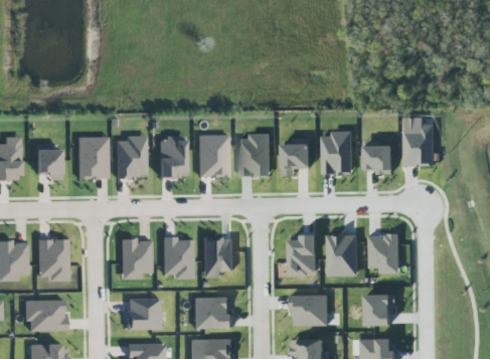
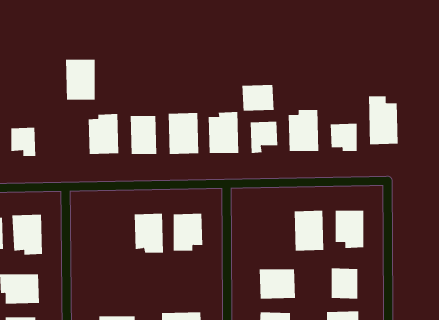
building: none -> [242,84,274,112]
building: [76,137,108,179] -> [65,59,96,100]
building: [289,234,317,277] -> none
building: [120,238,152,279] -> none
building: [193,297,230,328] -> none
building: [126,298,161,330] -> none

